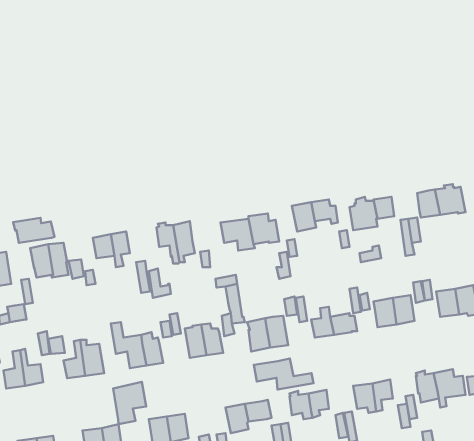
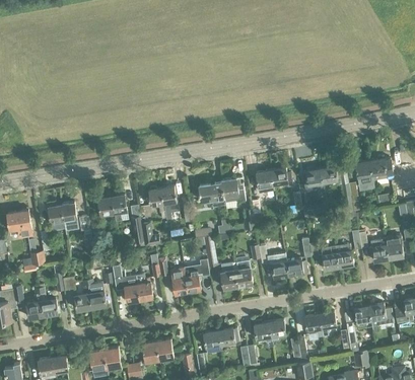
building: [13,218,54,243] -> none
building: [254,359,314,389] -> none
building: [113,382,146,424] -> none

